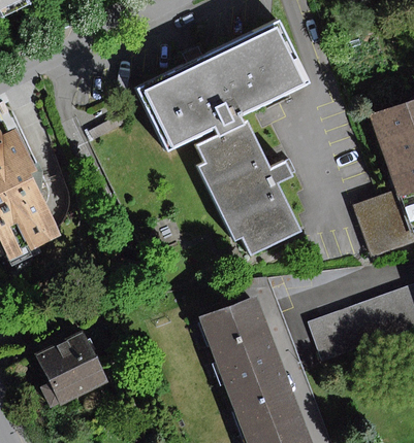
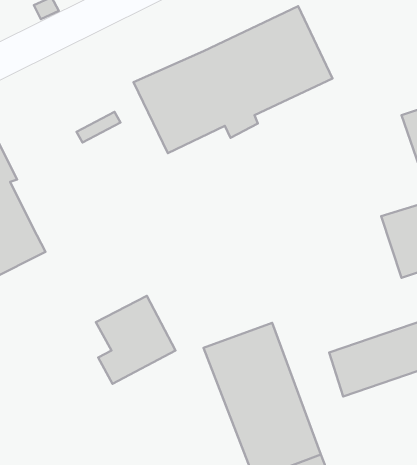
building: [198,121,300,254] -> none
building: [38,334,107,410] -> [96,296,175,384]

